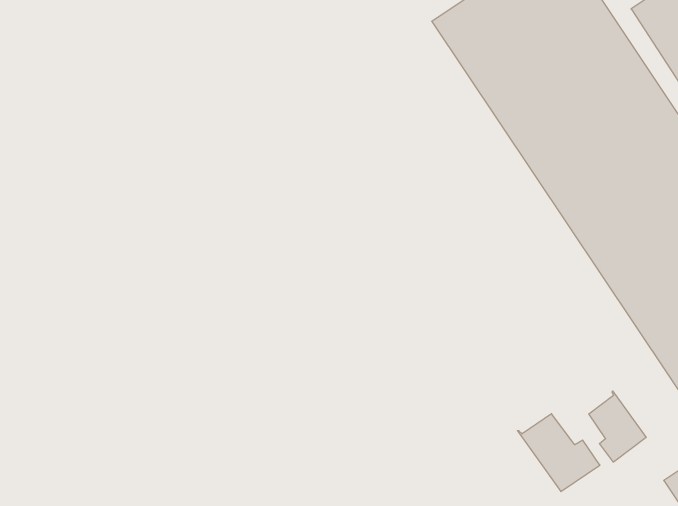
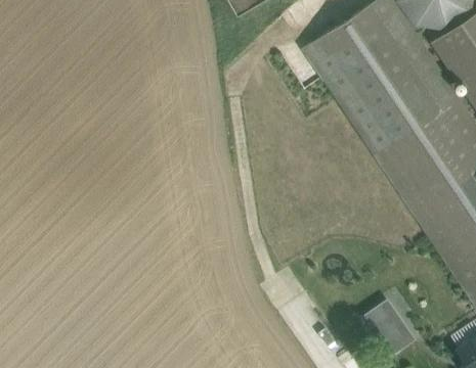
building: [589,391,646,462] -> none

